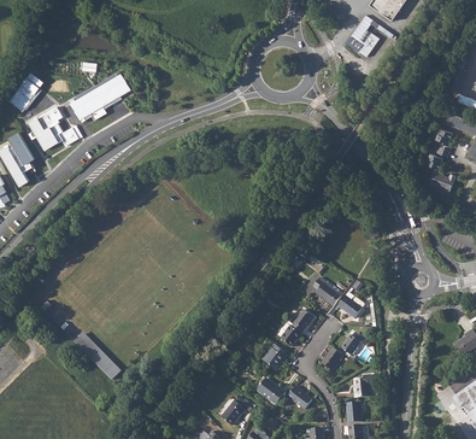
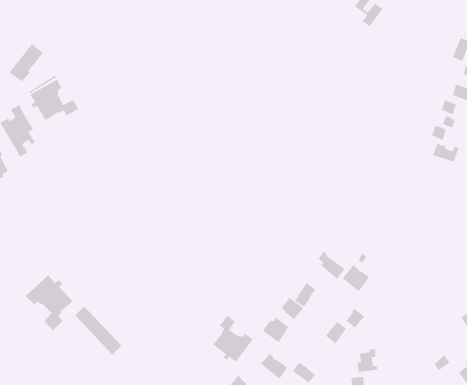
building: [70,74,130,122] -> none
building: none -> [25,274,74,331]
building: none -> [212,314,254,363]

